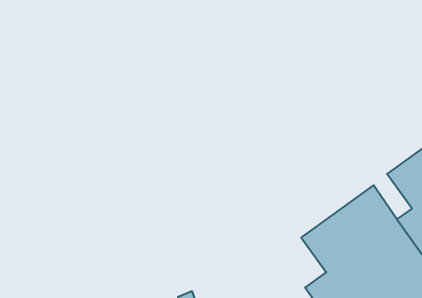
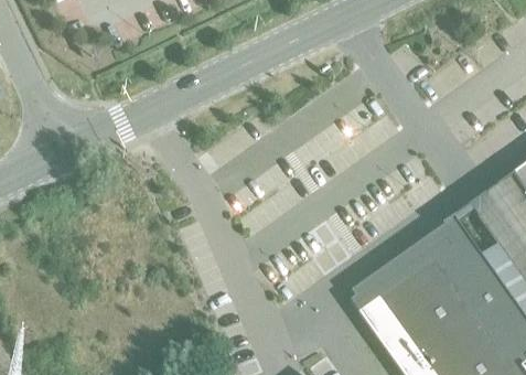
building: none -> [350,277,399,334]

